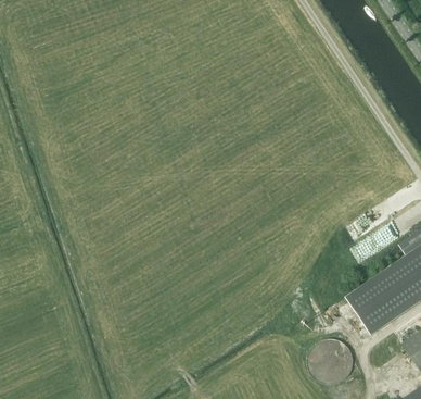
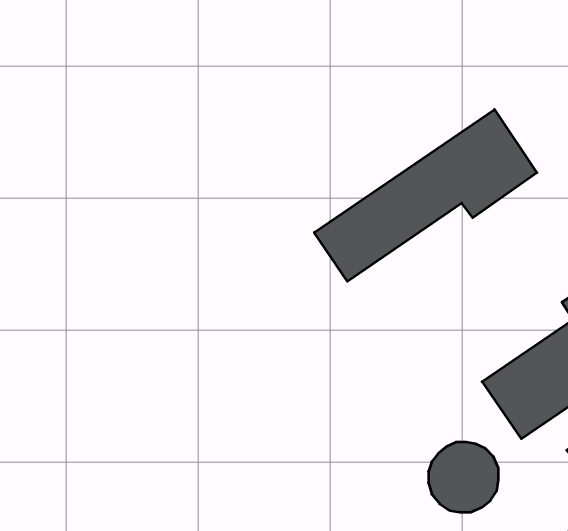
building: none -> [314,109,537,281]

